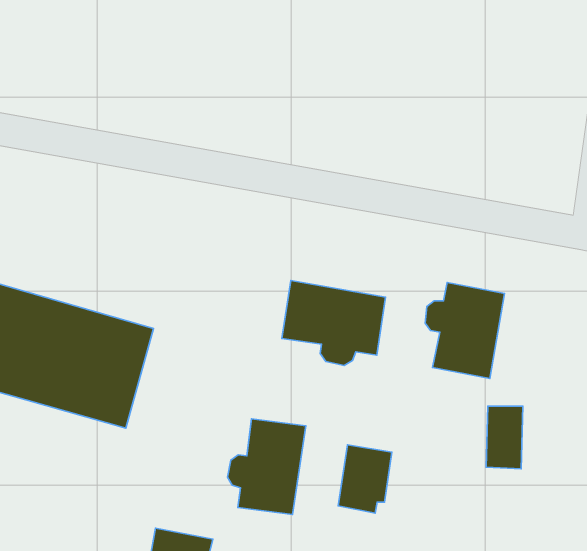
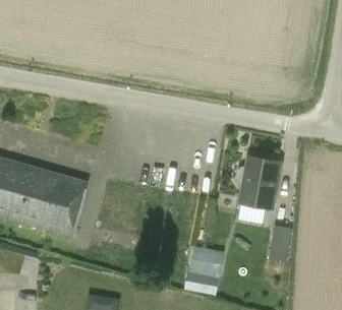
building: [282,281,386,366] -> none
building: [227,419,306,514] -> none

